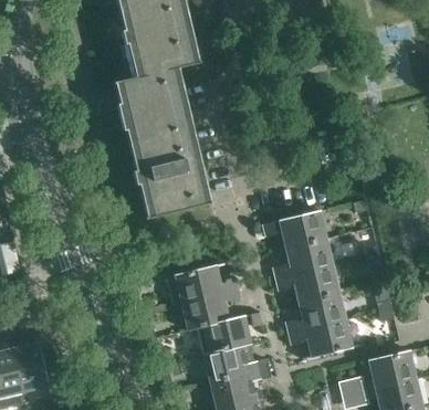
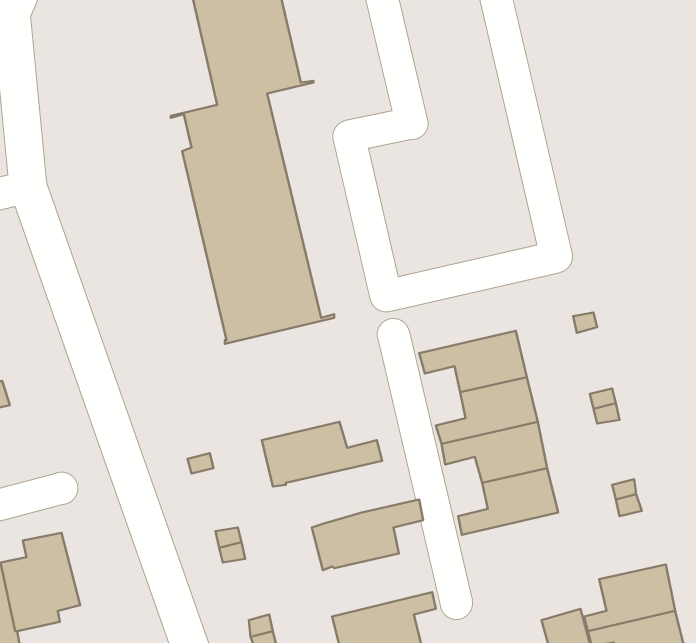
building: [182,290,242,332] -> none
building: [287,320,352,358] -> none
building: [205,345,270,382] -> none

